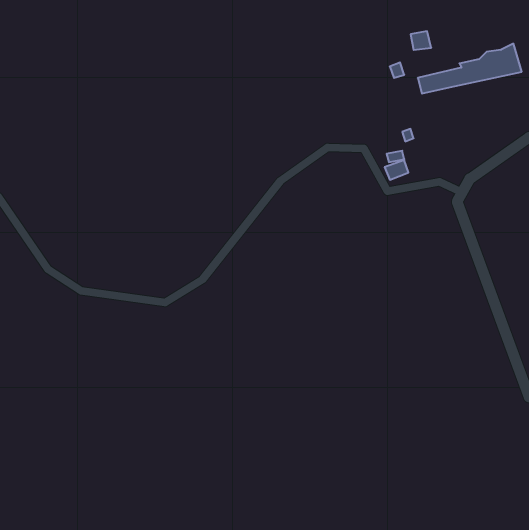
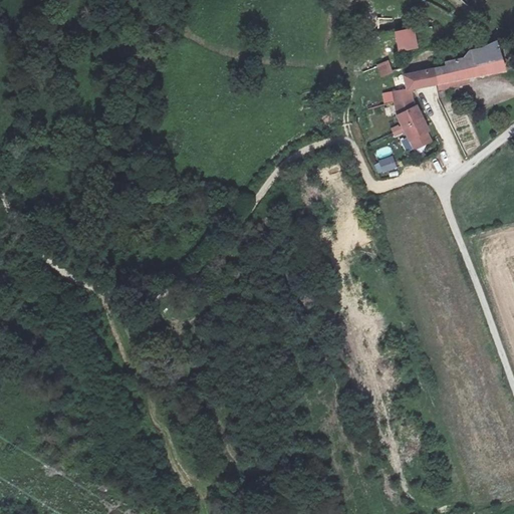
building: none -> [392,90,433,152]

